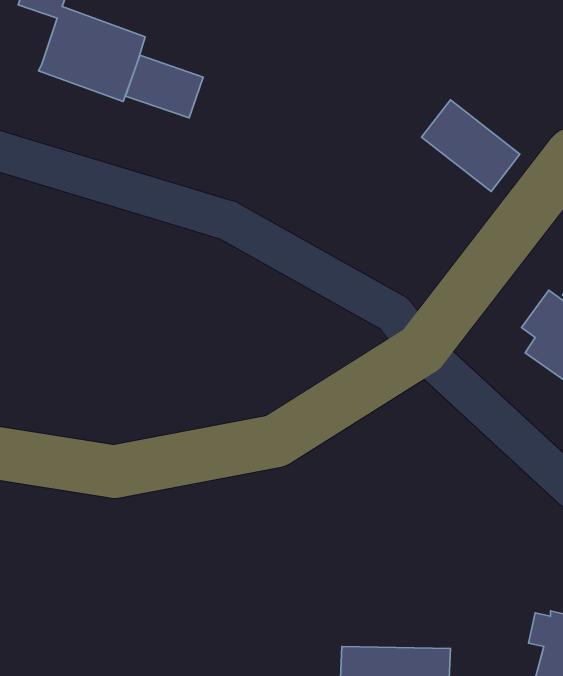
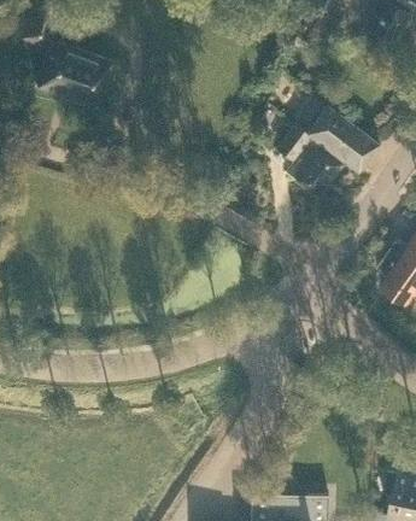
building: [126,55,203,118] -> none
building: none -> [279,124,344,197]

